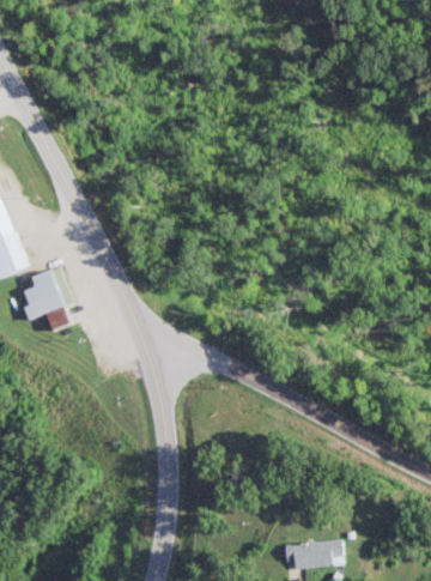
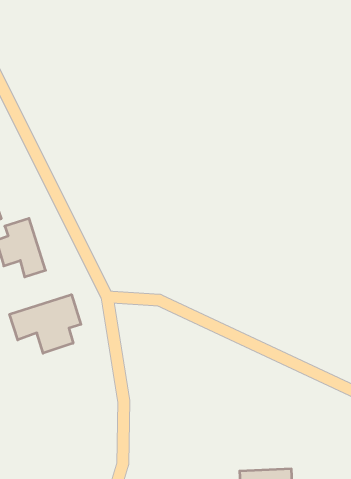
building: none -> [10,295,81,353]

